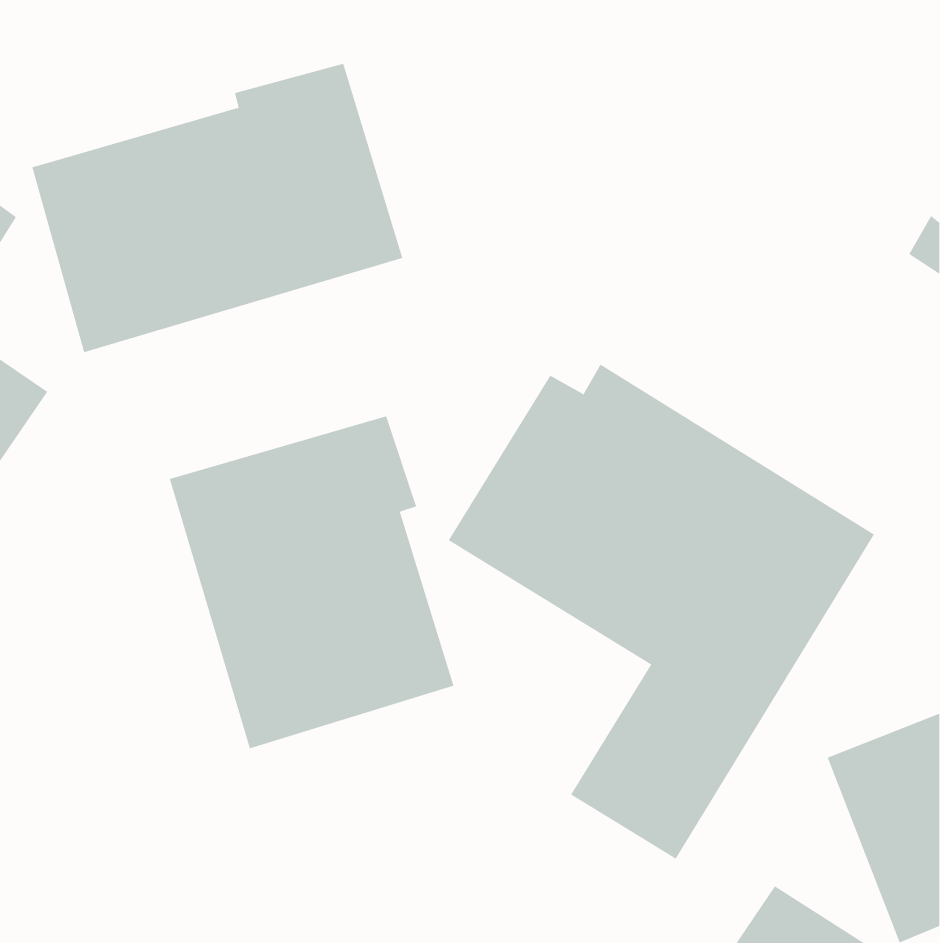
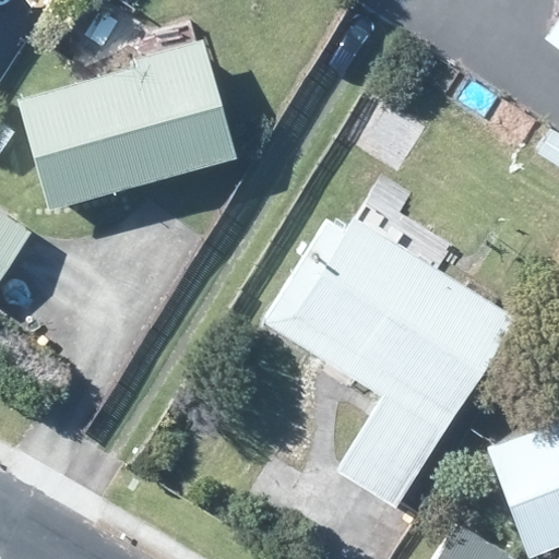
building: [169,416,454,749] -> none

